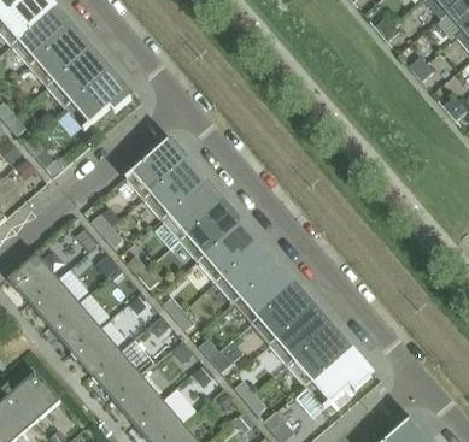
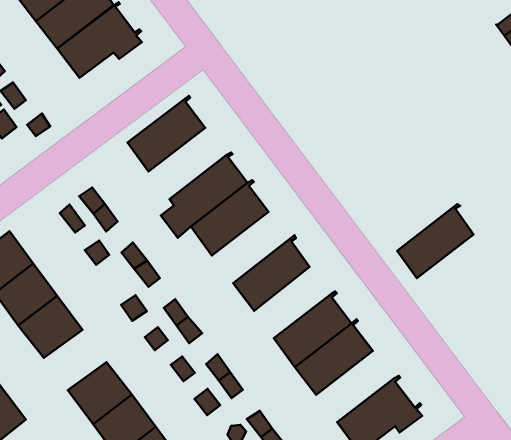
building: [143,157,204,218] -> none
building: [198,219,258,281] -> none
building: [234,261,293,322] -> [397,204,473,278]
building: [287,323,347,384] -> none
building: [71,325,121,373] -> none

